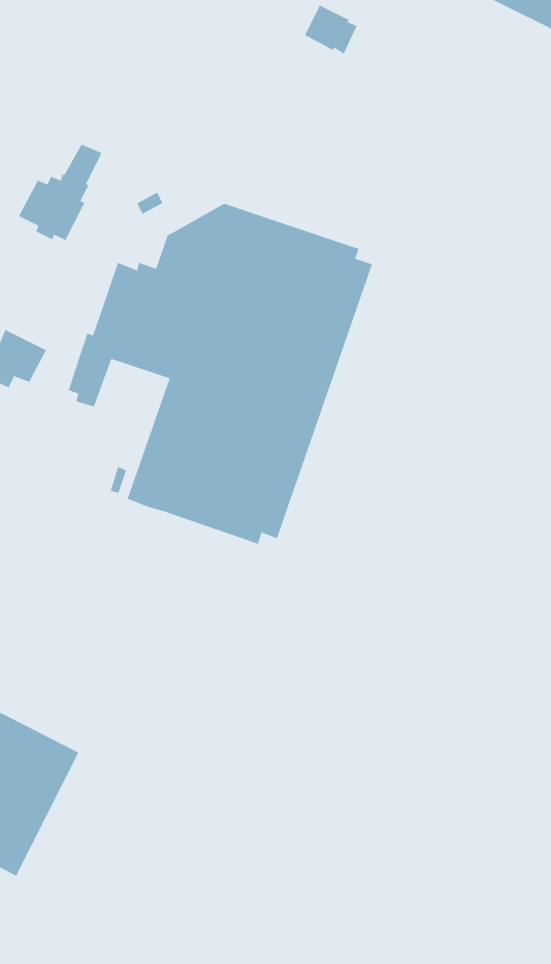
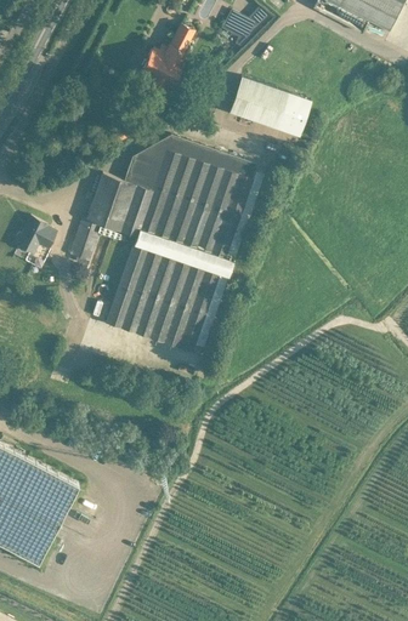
building: none -> [227,78,311,137]
building: [18,144,102,241] -> [140,25,193,87]

